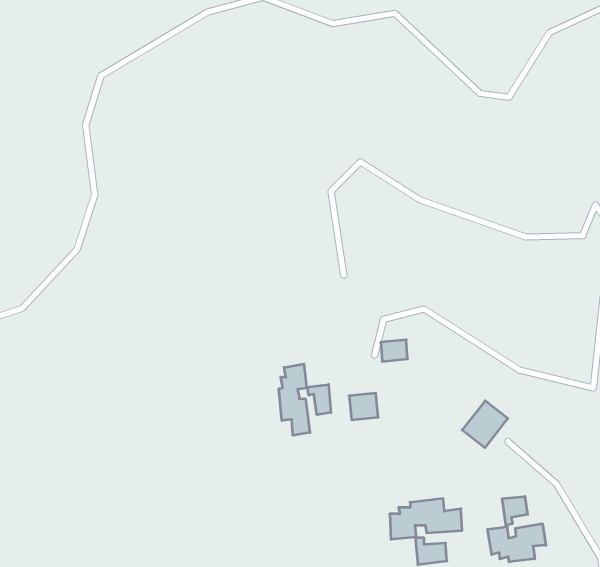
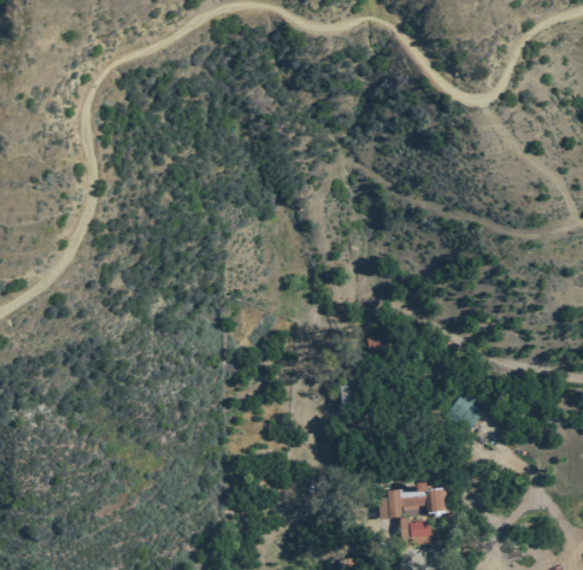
building: [279,364,331,435] -> none
building: [488,496,546,562] -> none

